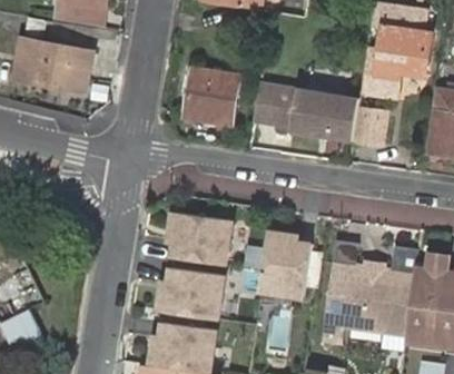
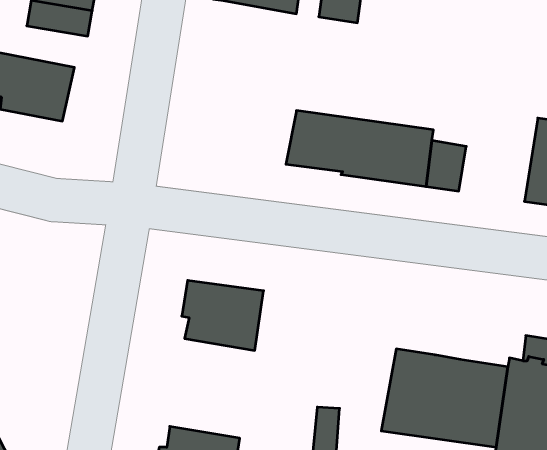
building: [362,7,432,97] -> none
building: [184,68,240,126] -> none
building: [260,230,313,295] -> none
building: [159,266,225,318] -> none

